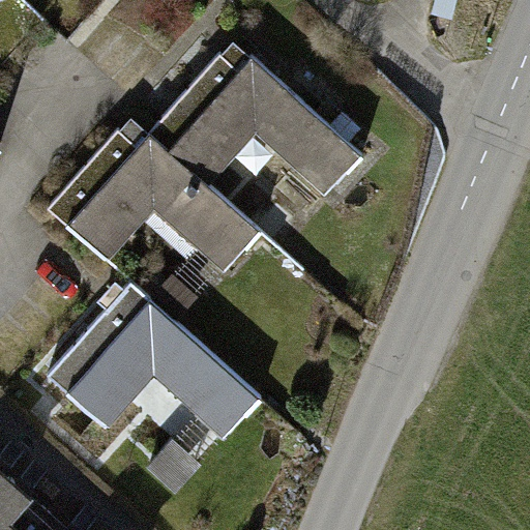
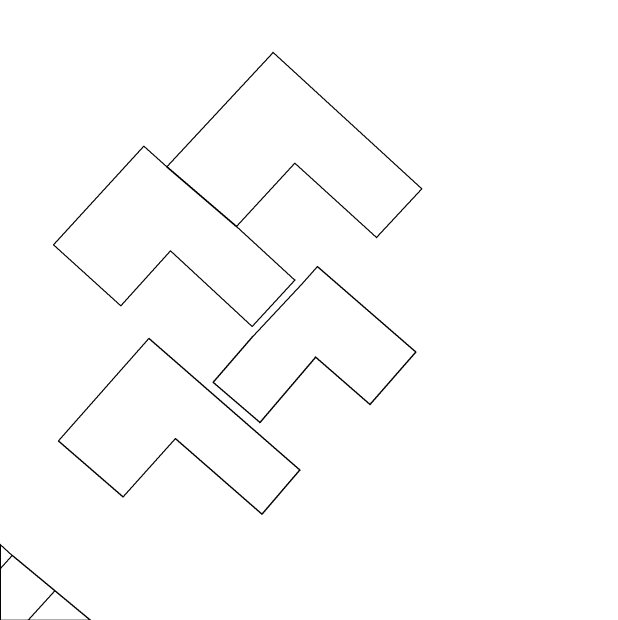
building: none -> [213,267,416,423]

